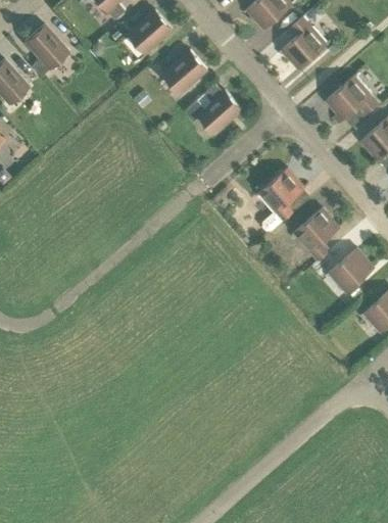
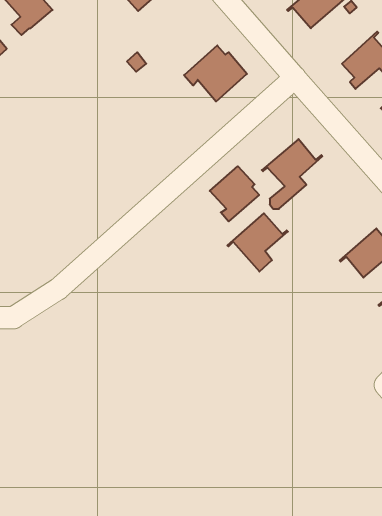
building: [162,50,207,94] -> none
building: none -> [210,166,259,221]
building: [290,208,344,260] -> [227,213,288,272]

